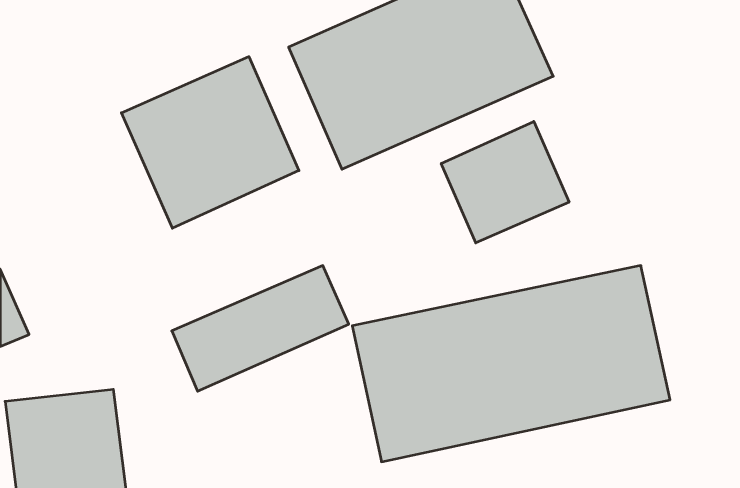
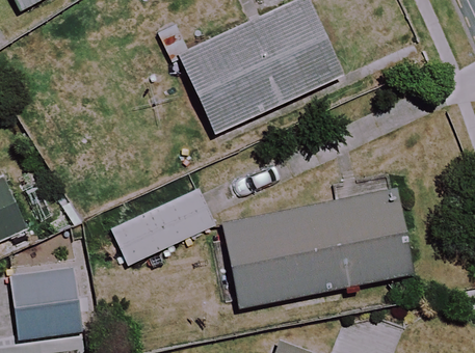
building: [121,57,299,228] -> none
building: [441,121,569,243] -> none

